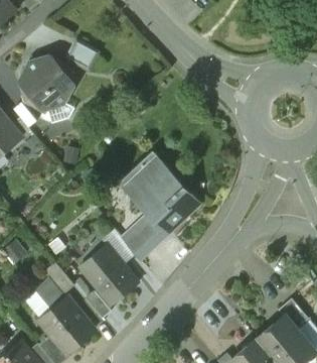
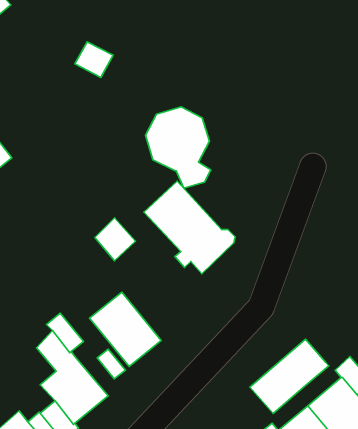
building: [21,56,74,123] -> [145,107,211,188]
building: [124,224,157,259] -> [95,218,135,261]
building: none -> [250,339,329,413]

